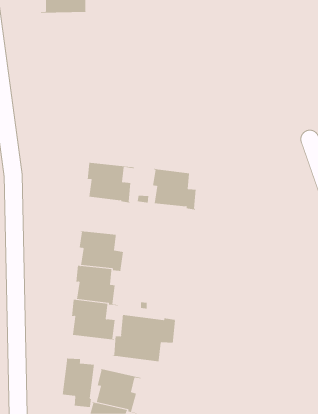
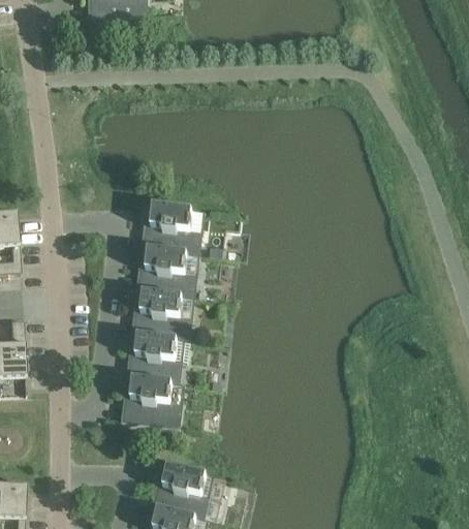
building: [152,168,197,210] -> [139,247,195,300]
building: [111,314,177,362] -> none
building: [62,356,95,409] -> none

